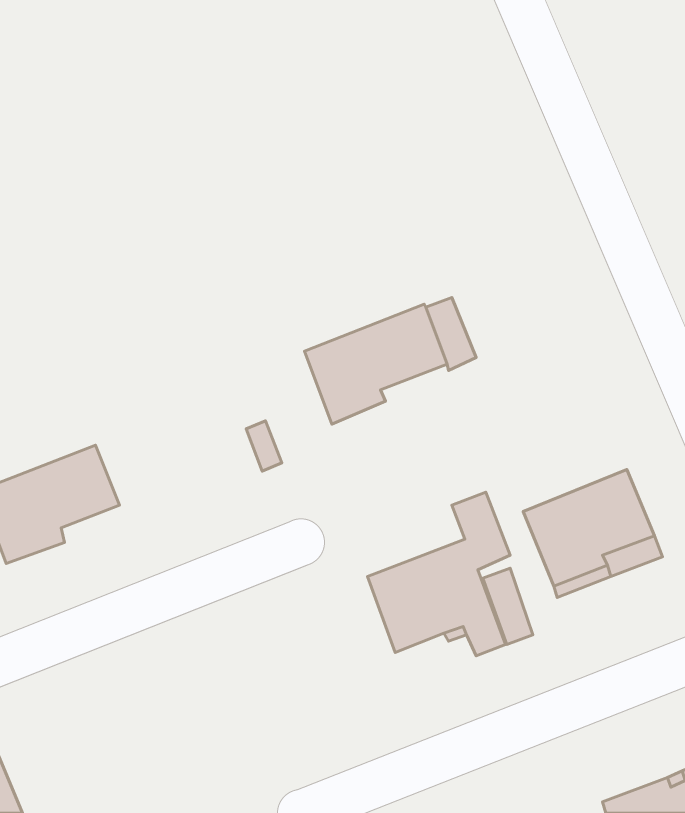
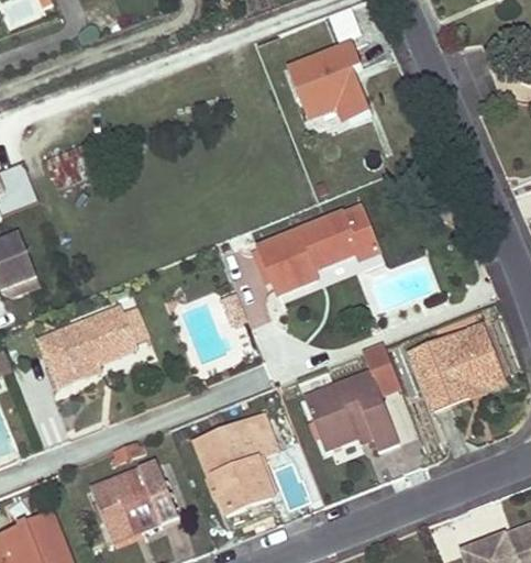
building: none -> [281,44,363,121]
building: none -> [197,415,275,516]
building: none -> [90,463,176,537]

